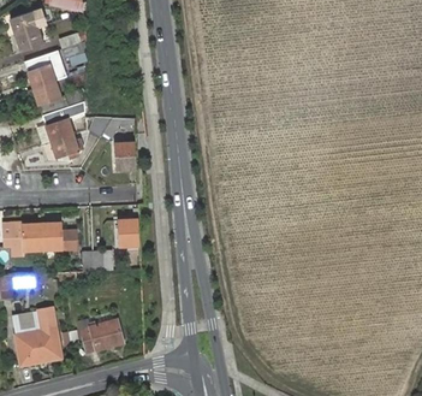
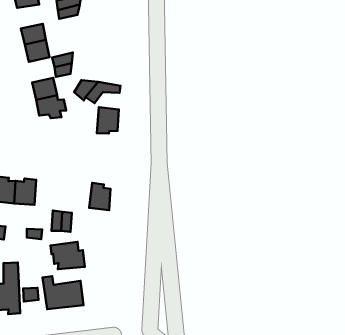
building: none -> [50,242,85,269]

